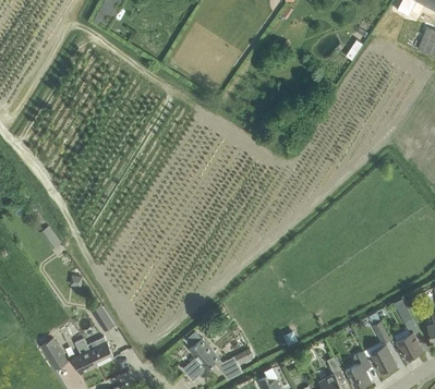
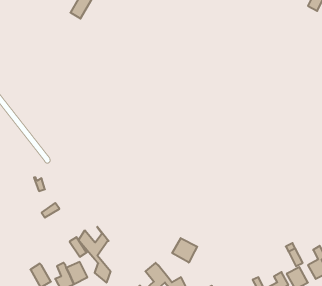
building: none -> [78,227,110,283]
building: none -> [172,238,197,263]

